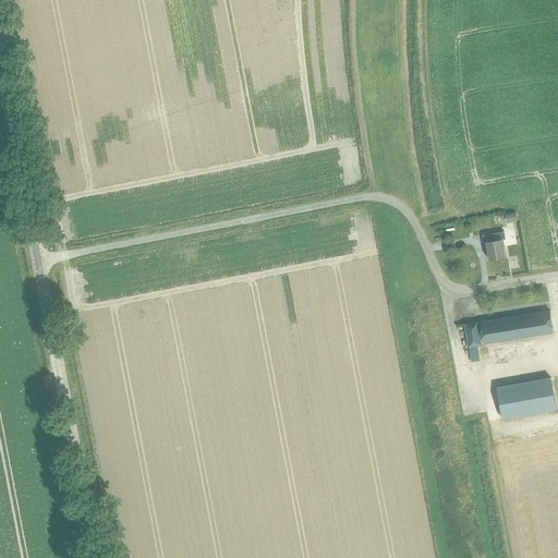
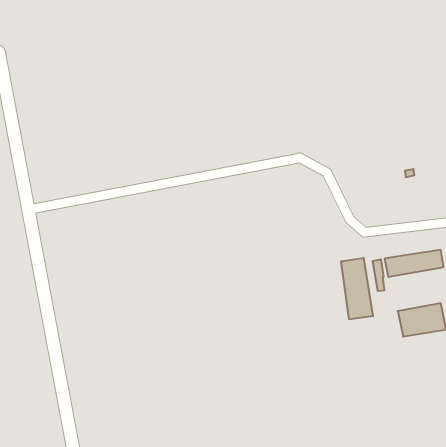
building: [481,232,504,260] -> none
building: none -> [341,258,373,319]

